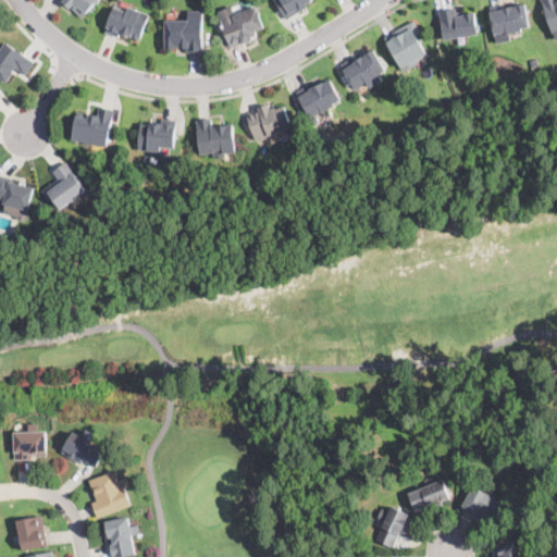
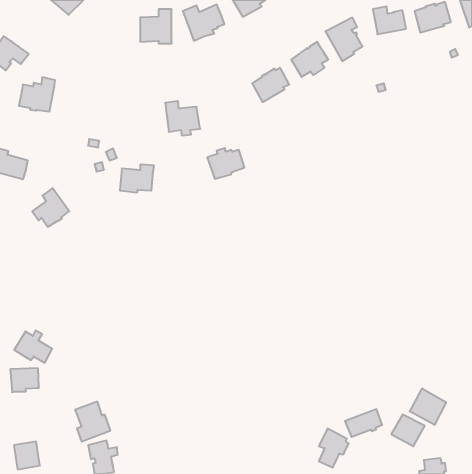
building: [102,7,148,40] -> none
building: [246,104,289,140] -> [207,148,244,179]
building: [71,107,113,147] -> [19,77,55,112]
building: [136,119,176,151] -> [120,165,154,192]
building: [41,163,85,209] -> [32,188,69,227]
building: [60,430,104,468] -> [14,330,52,363]
building: none -> [410,388,446,425]

